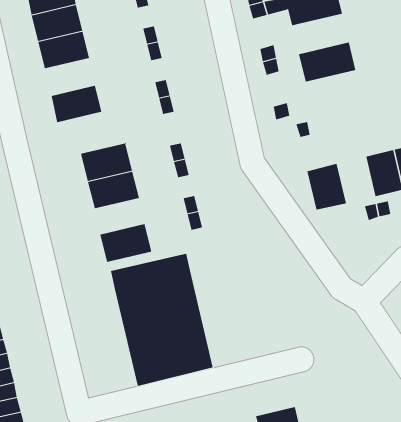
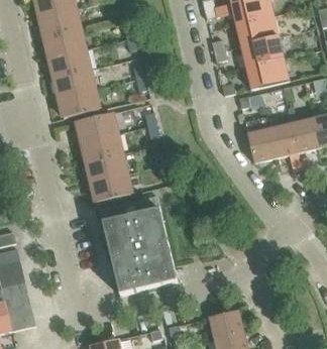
building: none -> [235,15,279,45]
building: none -> [49,48,88,77]
building: none -> [245,57,289,89]
building: none -> [59,89,98,117]
building: none -> [269,122,298,157]
building: none -> [87,153,125,181]

